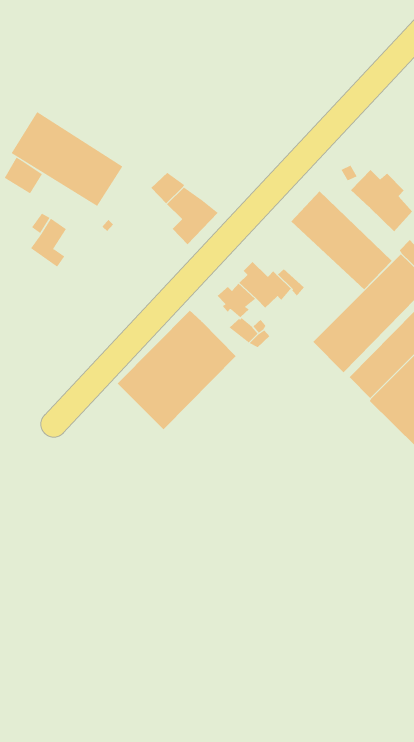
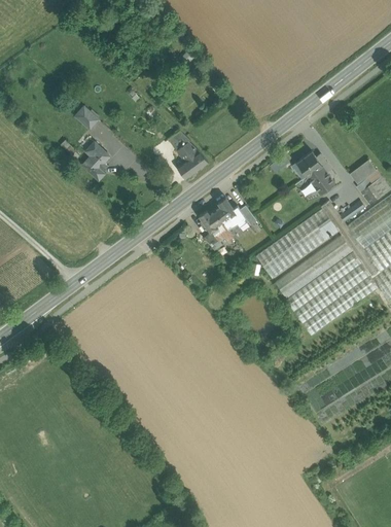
building: [11,111,123,207] -> none
building: [291,190,393,290] -> none
building: [117,310,237,430] -> none

